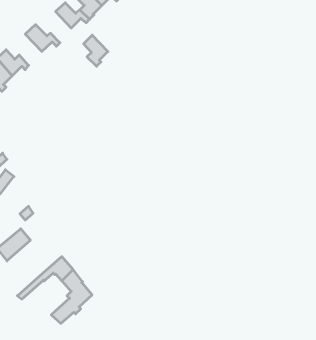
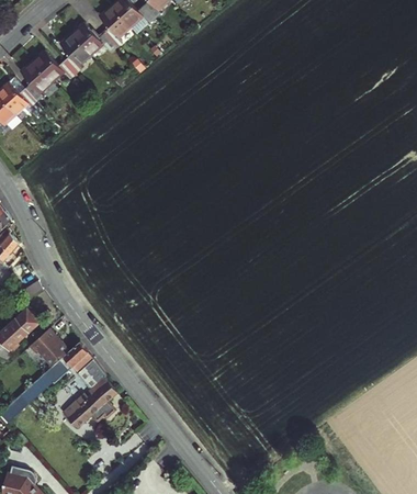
building: none -> [21,64,53,103]
building: [84,35,108,66] -> [59,35,90,75]
building: none -> [27,330,68,369]

